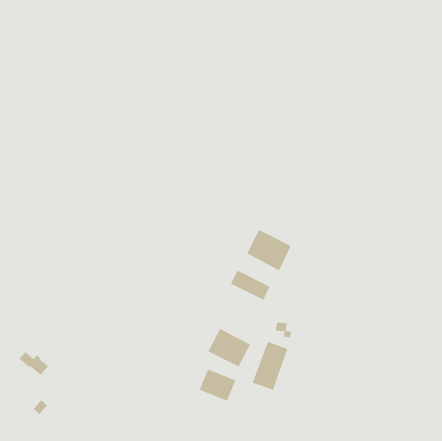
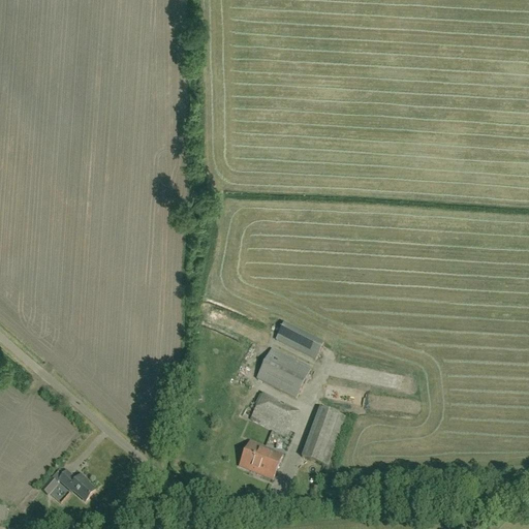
building: [246,229,292,271] -> [255,347,309,397]
building: [19,351,49,376] -> [57,470,93,499]

